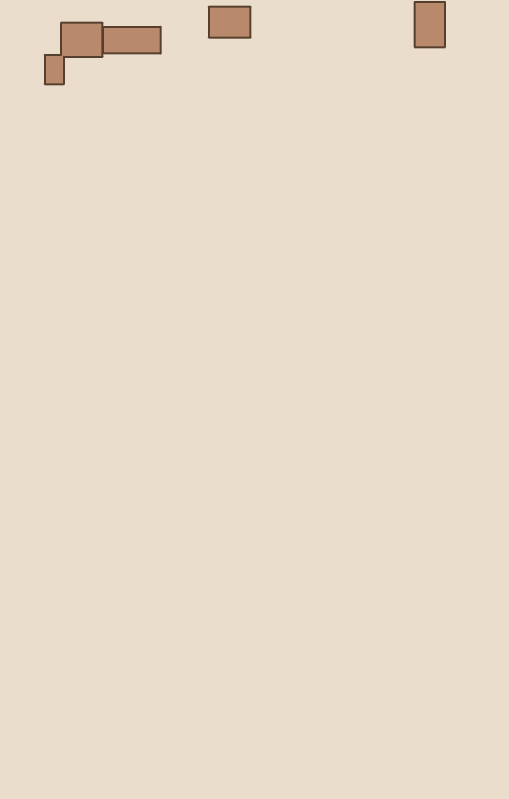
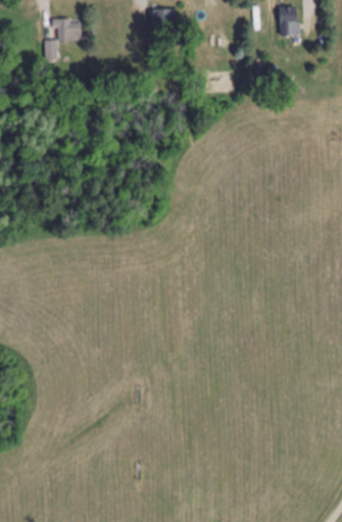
building: [103,27,161,54] -> none

